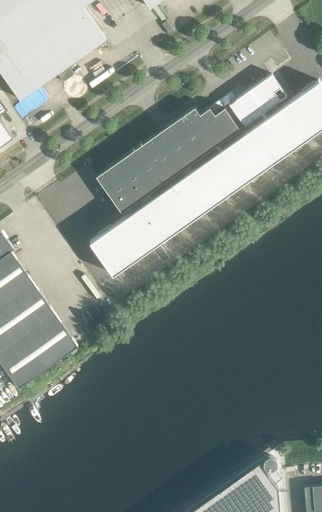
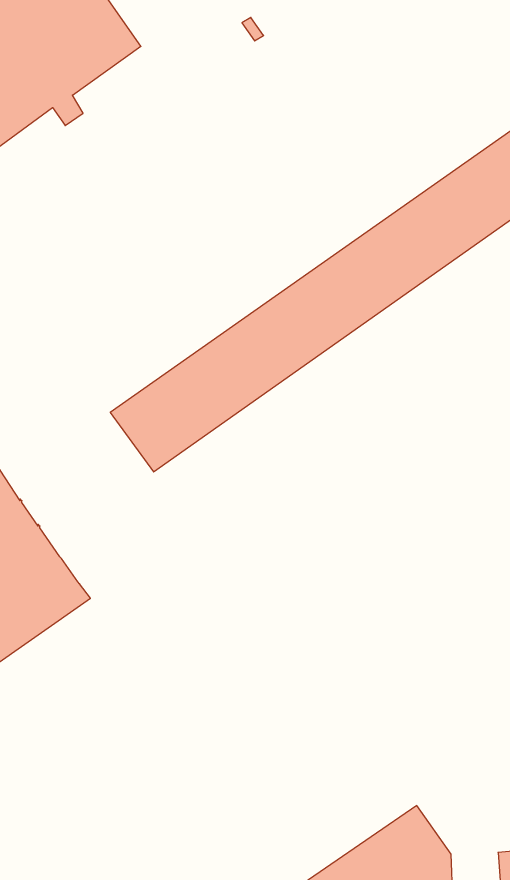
building: [229,75,287,126] -> none
building: [96,107,239,213] -> none

